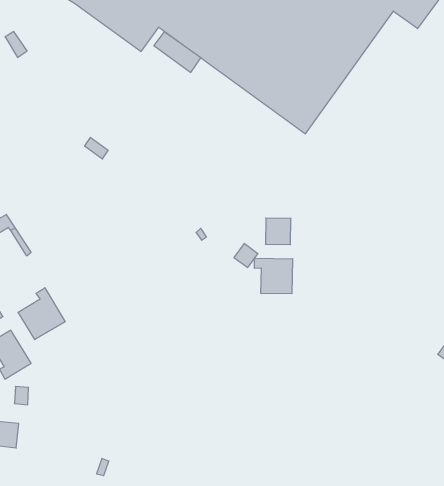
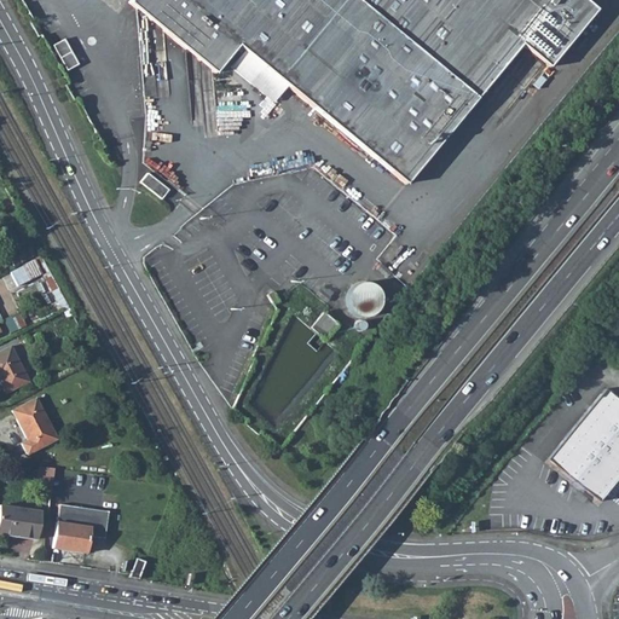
building: [255,258,293,294] -> none
building: [18,288,65,340] -> none
building: none -> [56,503,111,551]

